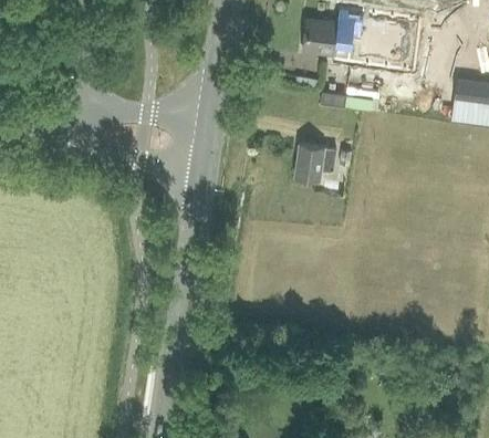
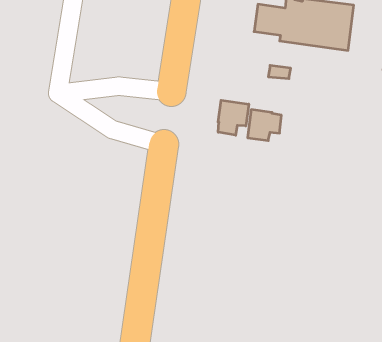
building: none -> [218,100,249,135]

